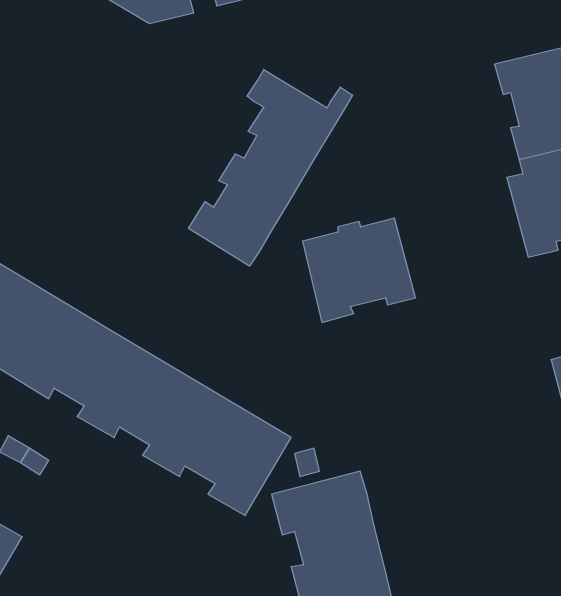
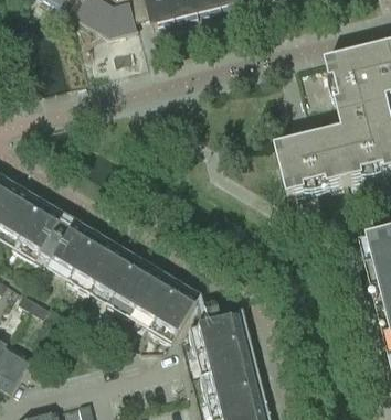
building: [189,69,353,266] -> none
building: [302,218,416,322] -> [275,132,346,197]

